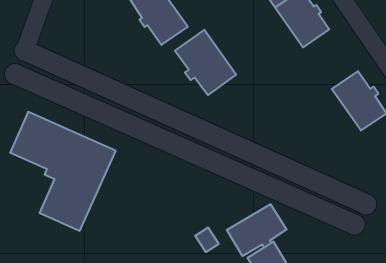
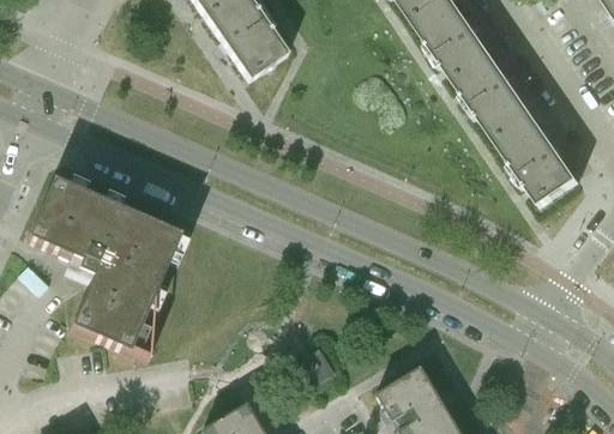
building: none -> [457,58,537,145]
building: [175,30,236,95] -> none
building: [227,204,287,256] -> none

